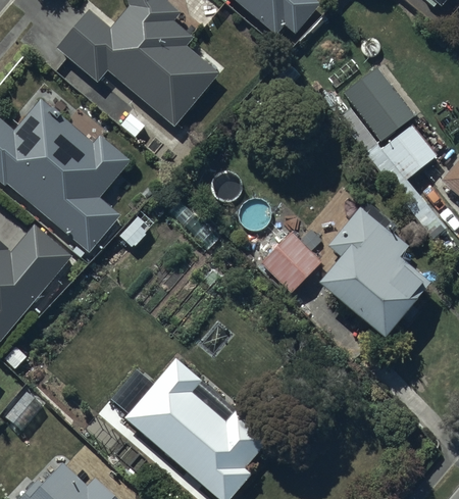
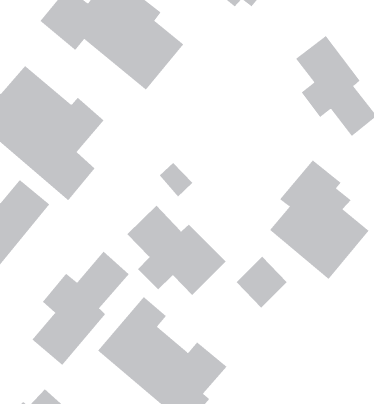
building: [262,232,320,291] -> [236,256,287,308]
building: none -> [126,205,227,296]
building: none -> [32,251,130,366]

